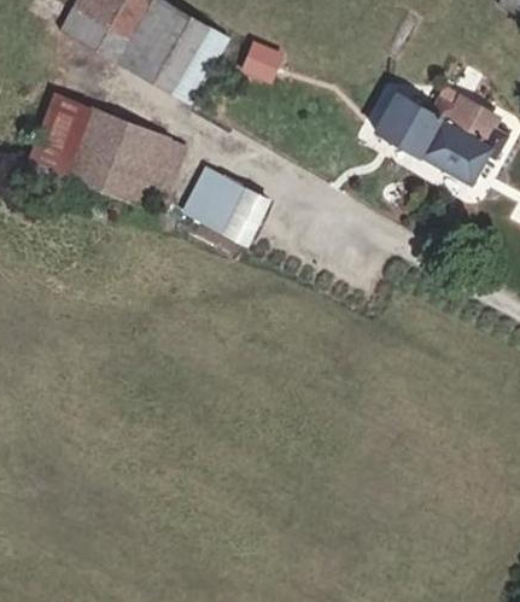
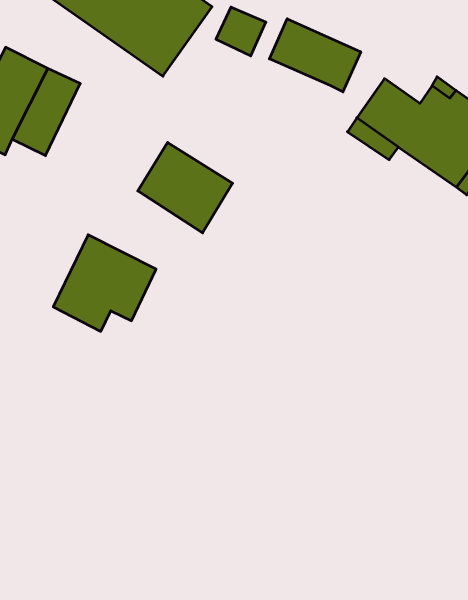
building: none -> [269,19,361,92]
building: [97,119,186,205] -> [53,235,156,331]

